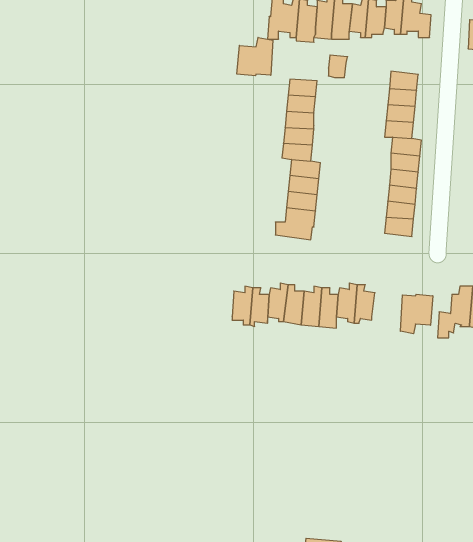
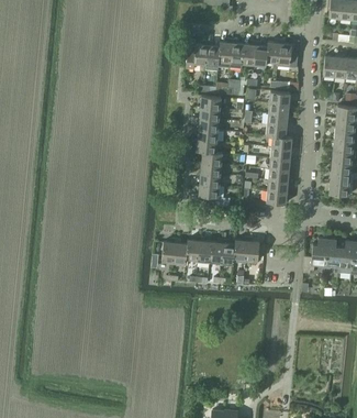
building: [237,37,273,76] -> none
building: [400,294,433,334] -> none

